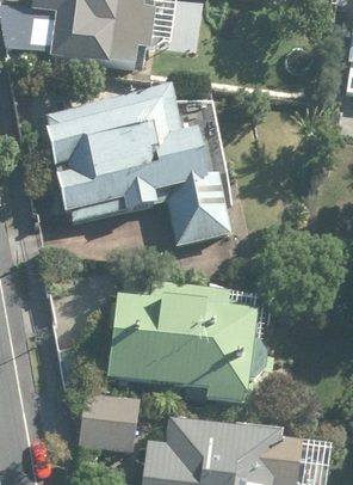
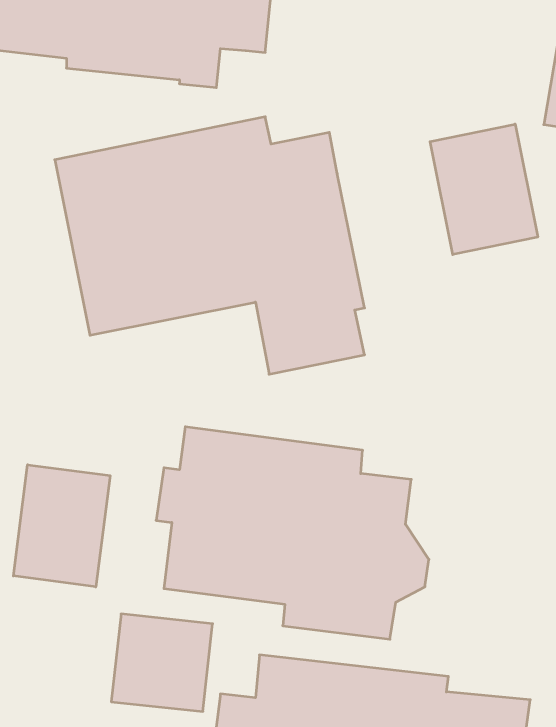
building: none -> [430,124,538,255]
building: none -> [13,465,110,587]

